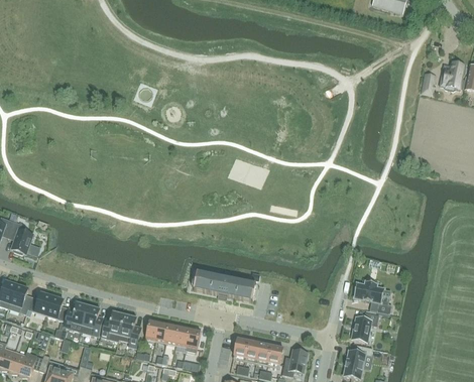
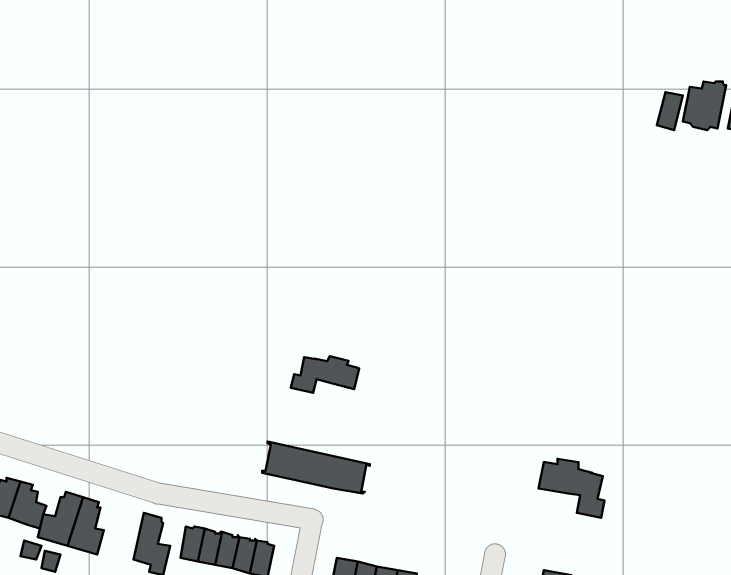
building: none -> [291,356,359,393]
building: [100,310,124,342] -> none
building: [350,312,378,343] -> none

